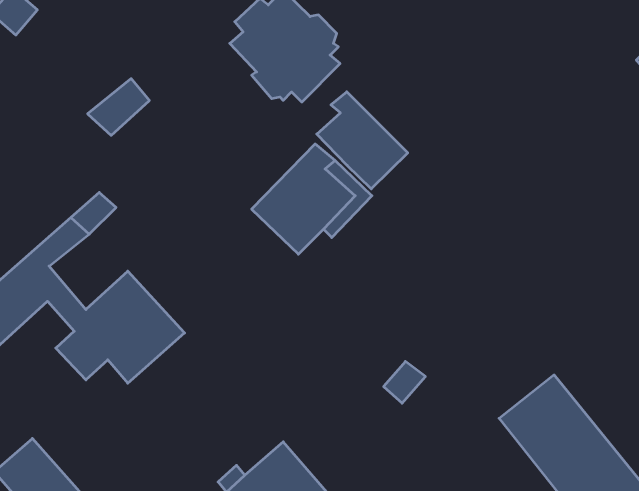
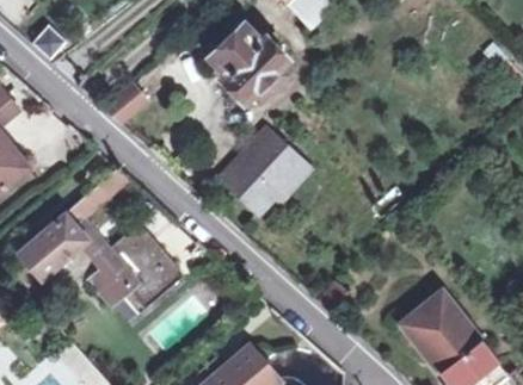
building: [317,92,408,189] -> none

